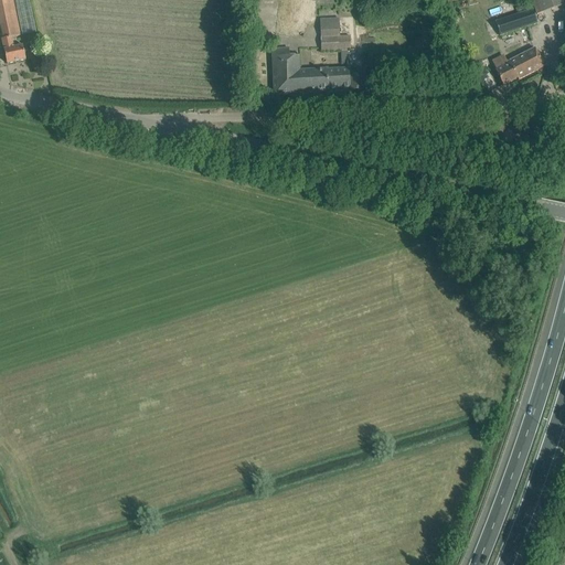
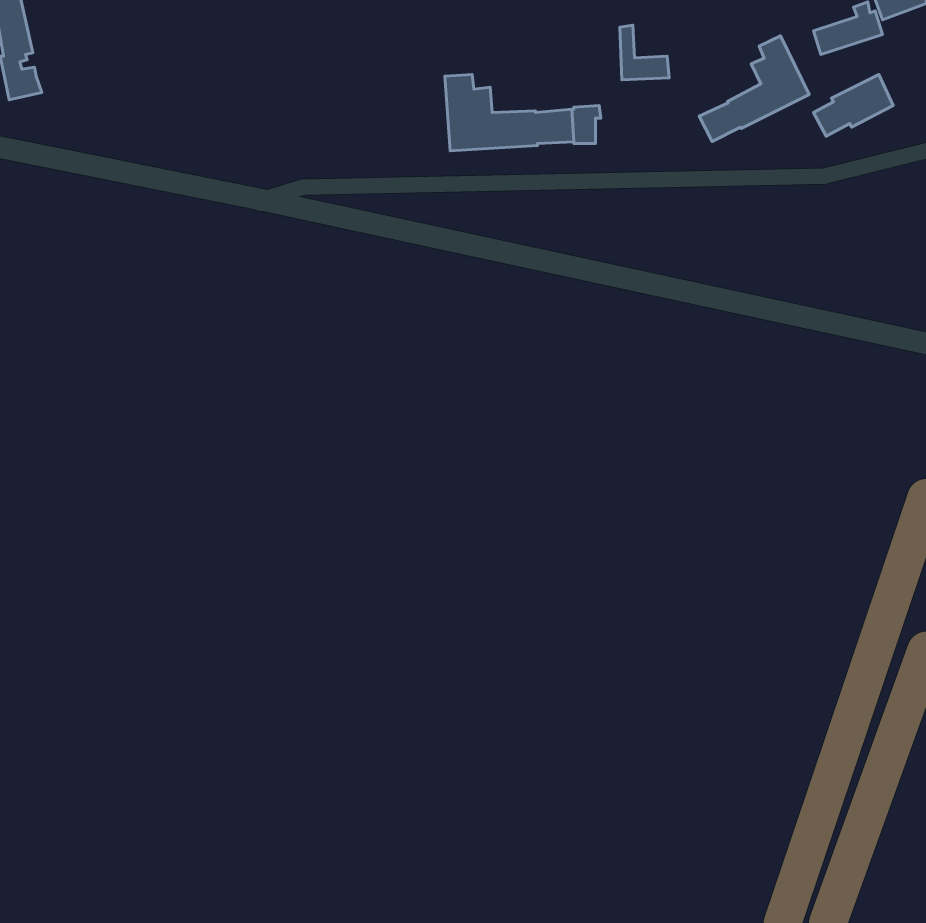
building: [320,15,350,49] -> [620,25,669,80]
building: none -> [699,36,809,142]

